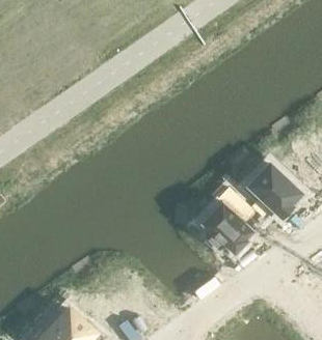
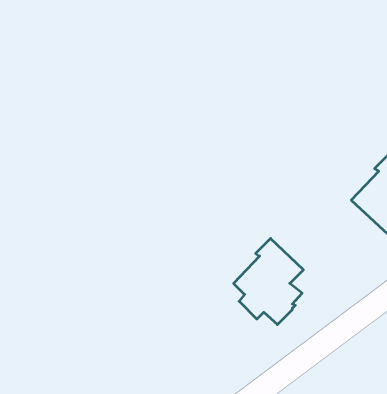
building: [248,163,301,218] -> none

